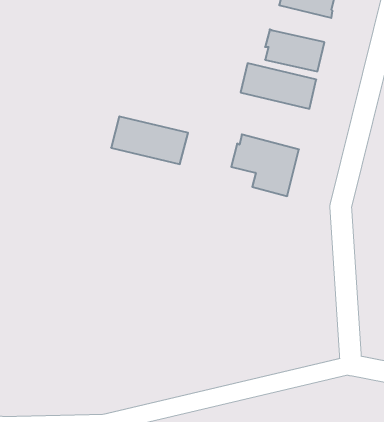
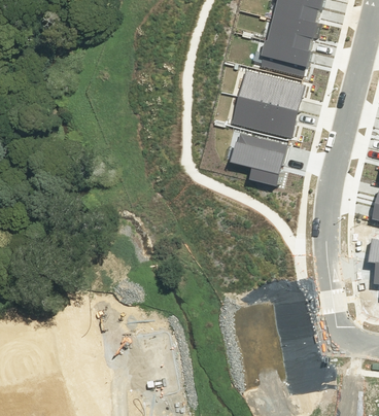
building: none -> [266,18,318,50]
building: [111,116,188,164] -> [231,95,299,137]

